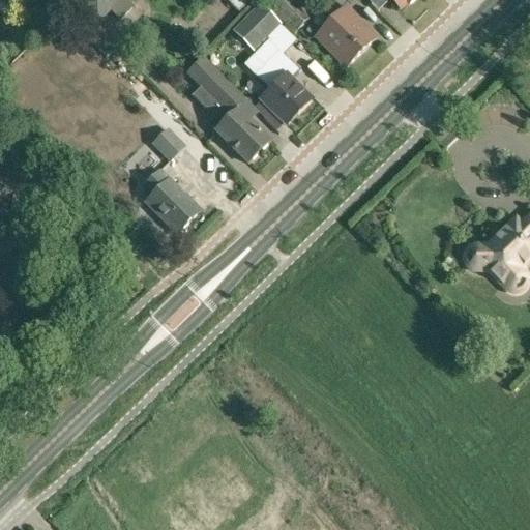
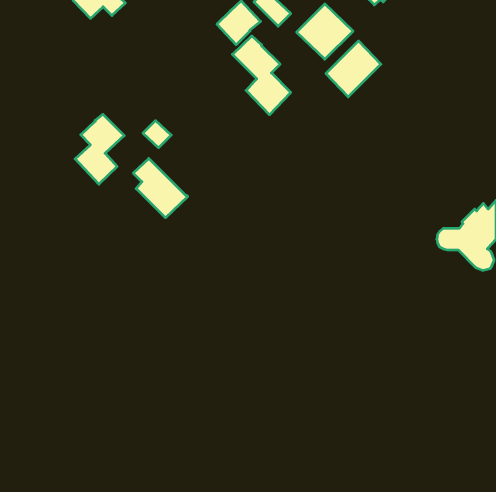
building: none -> [326,41,381,97]
building: [193,59,270,160] -> none
building: none -> [75,114,124,184]

